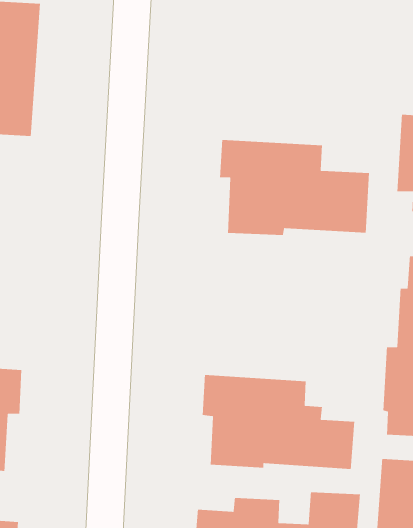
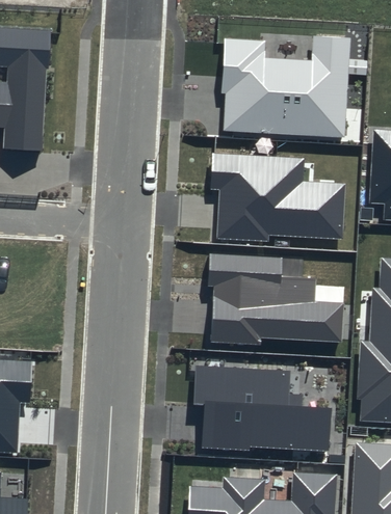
building: none -> [220,35,351,137]
building: none -> [208,254,345,346]

